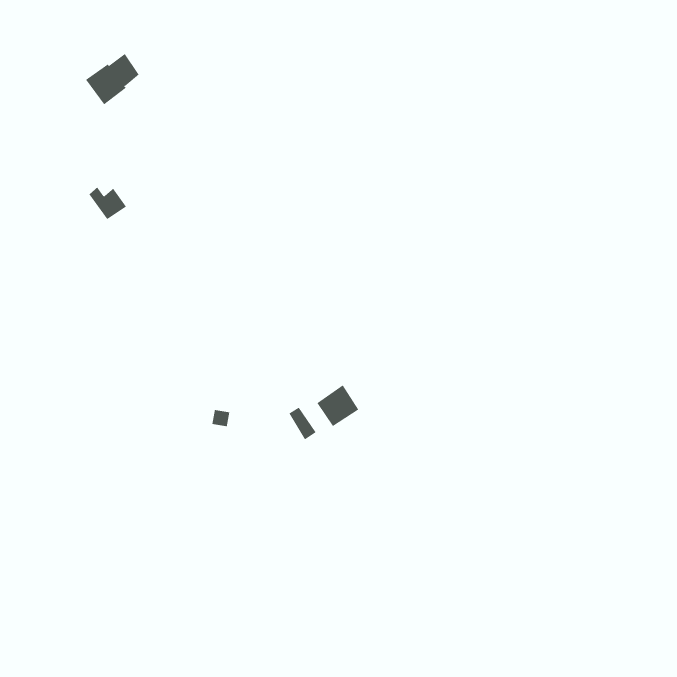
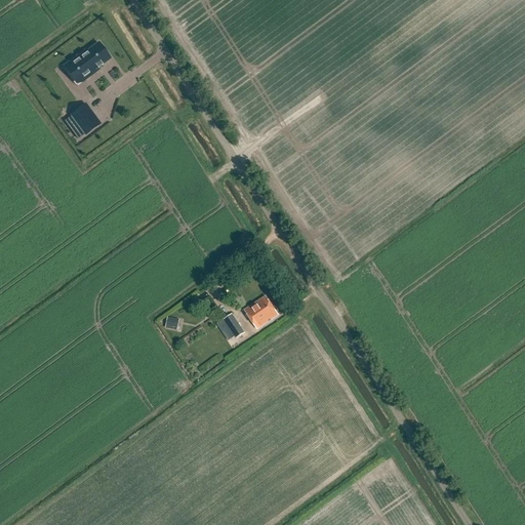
building: [88,187,127,220] -> [69,108,98,133]

